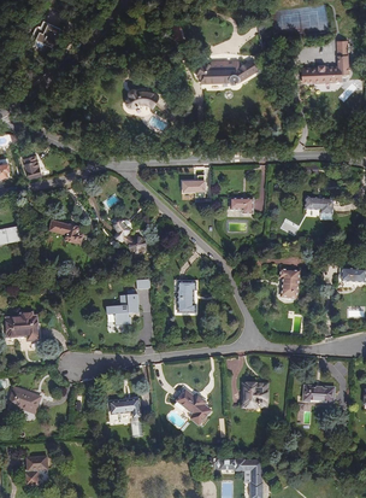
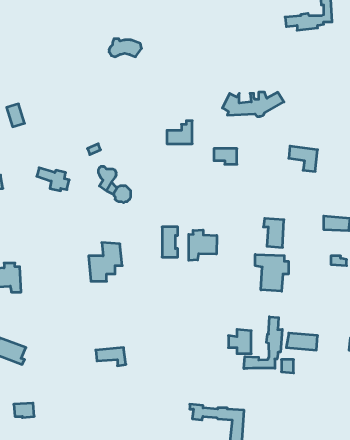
building: [194,59,255,83] -> [222,92,284,116]
building: none -> [189,230,217,260]
building: none -> [255,254,288,291]
building: none -> [244,317,282,369]
building: [176,387,209,423] -> none

